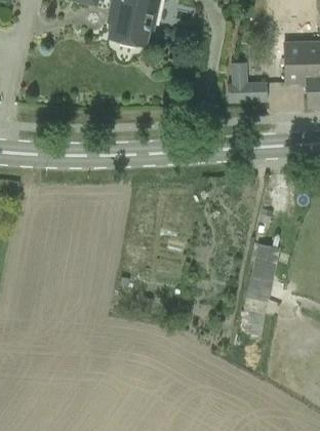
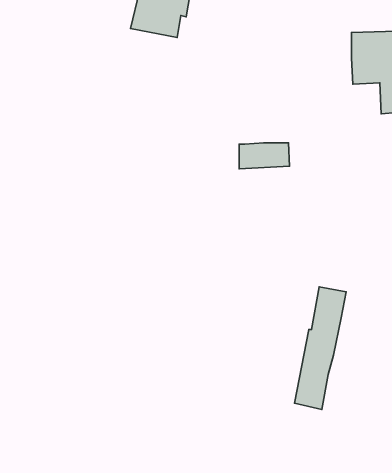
building: [227,82,267,103] -> [239,143,290,169]

